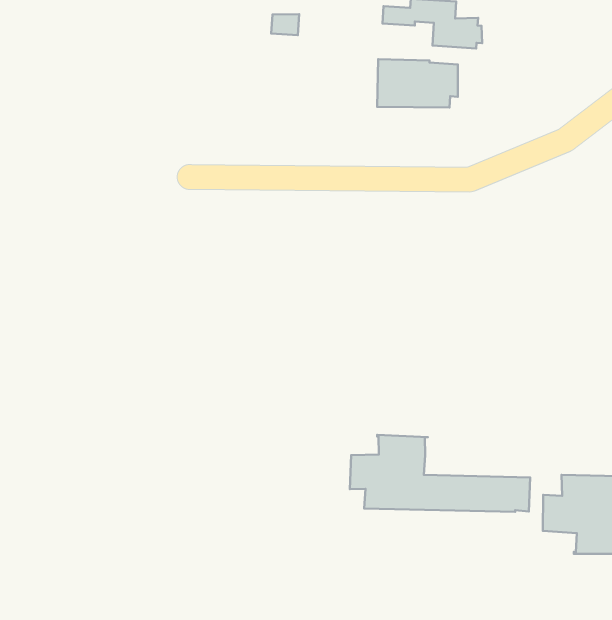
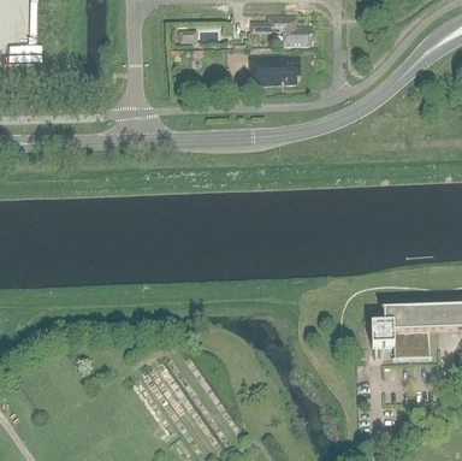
building: [350,435,530,512] -> none

